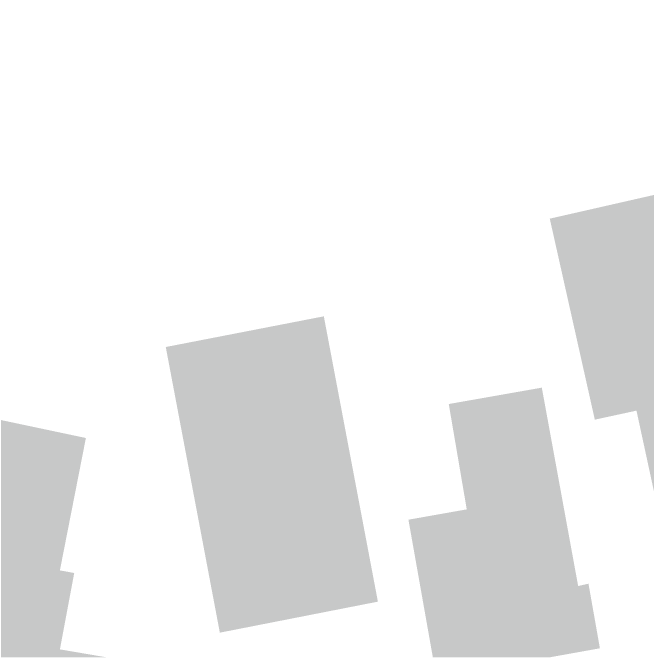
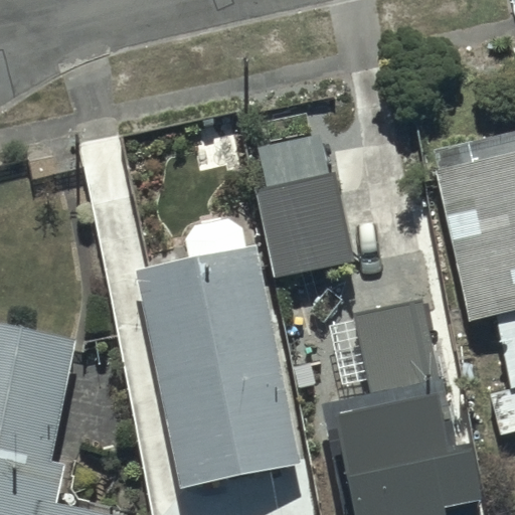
building: none -> [255,130,353,280]

